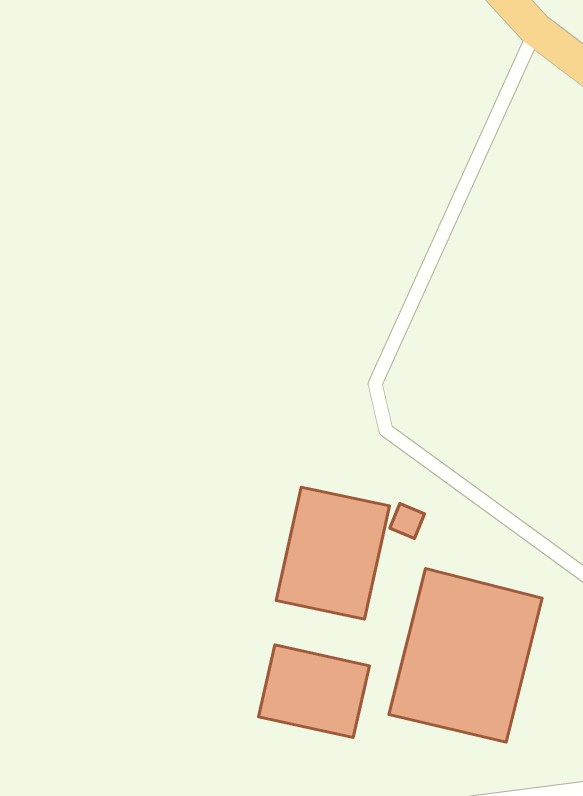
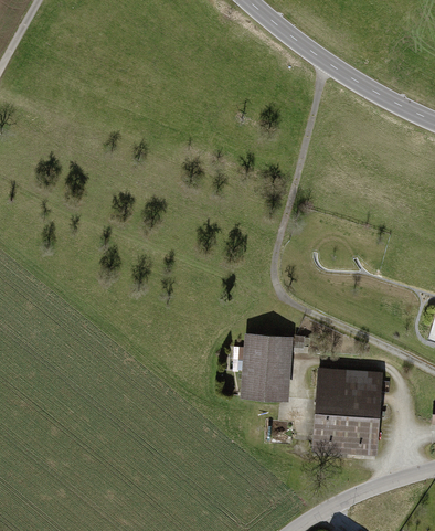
building: [259,645,370,738] -> none

